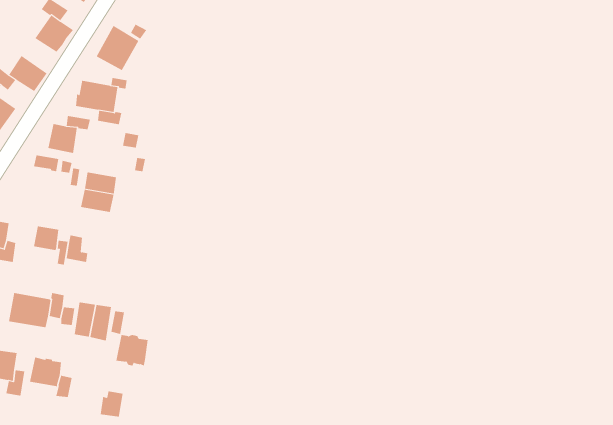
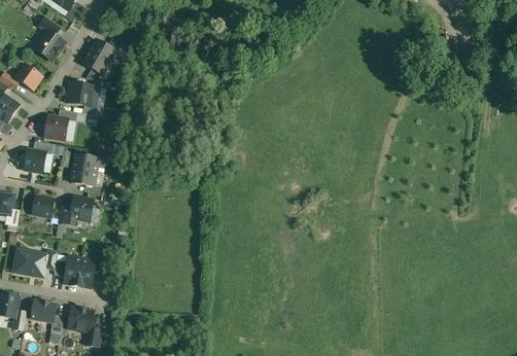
building: none -> [24,149,45,173]
building: none -> [70,197,93,220]
building: [116,335,148,366] -> [67,307,93,331]

